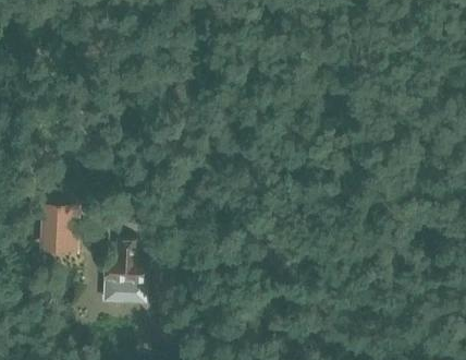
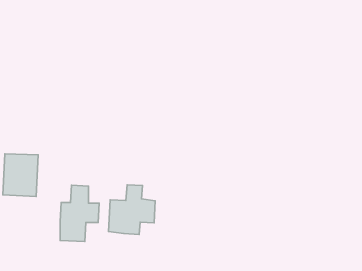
building: none -> [108,185,155,234]

